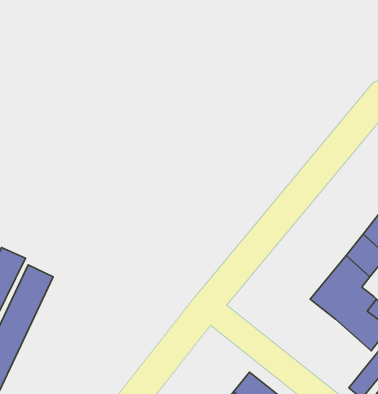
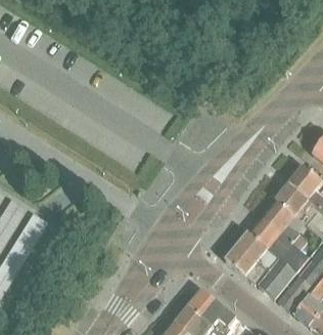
building: none -> [225,234,294,299]

